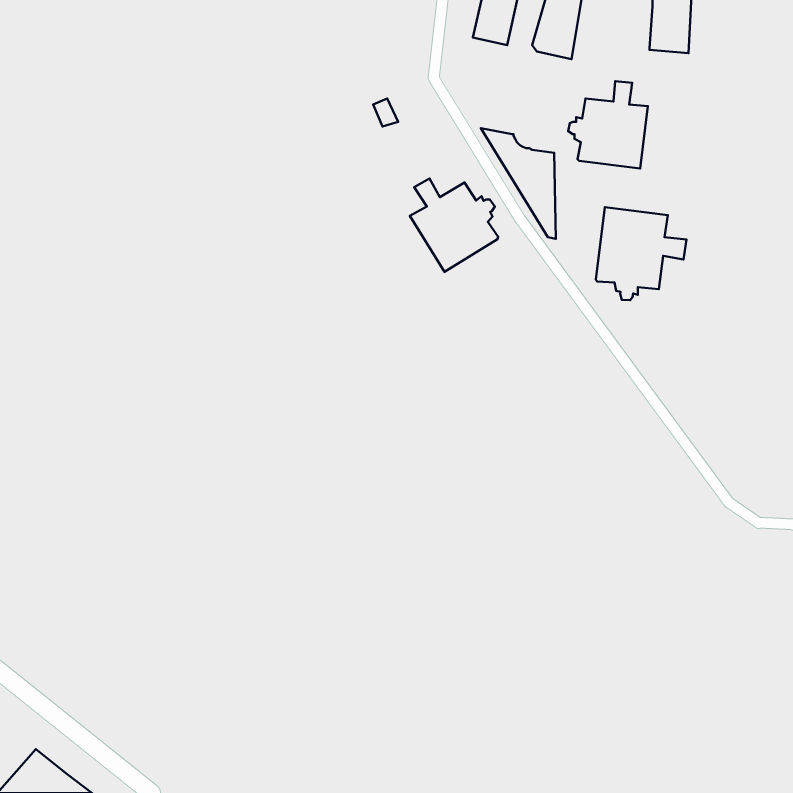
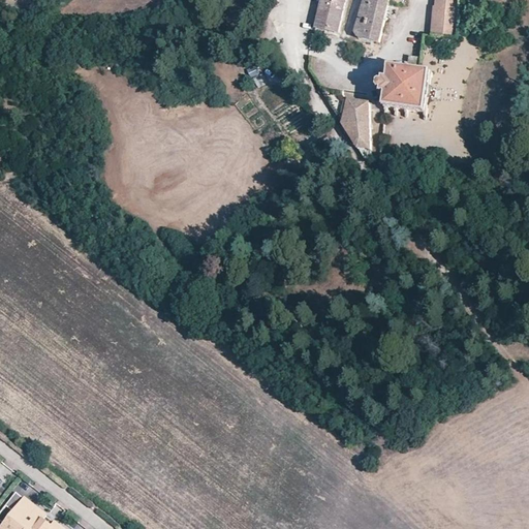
building: [410,179,498,272] -> none
building: [596,207,687,300] -> none

